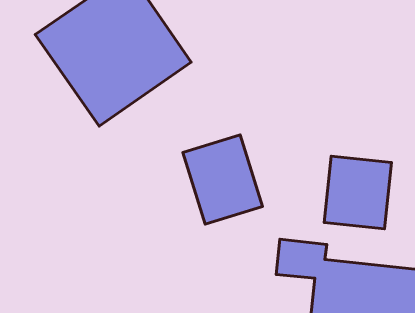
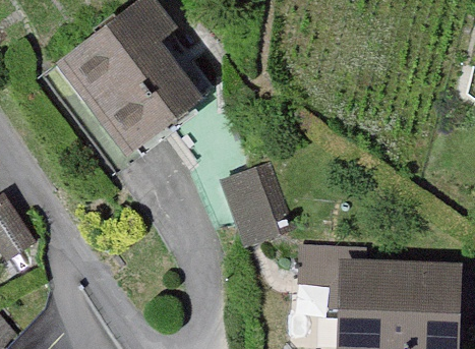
building: [324,156,392,229] -> none

